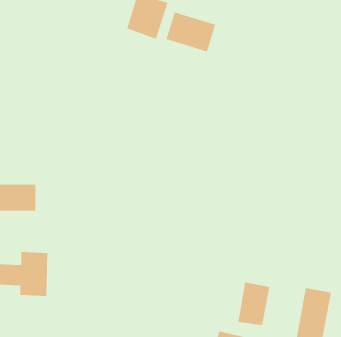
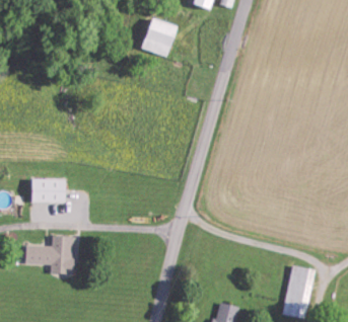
building: [166,11,216,52] -> none
building: [237,282,270,326] -> none

